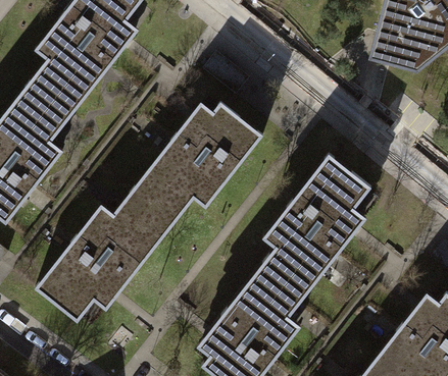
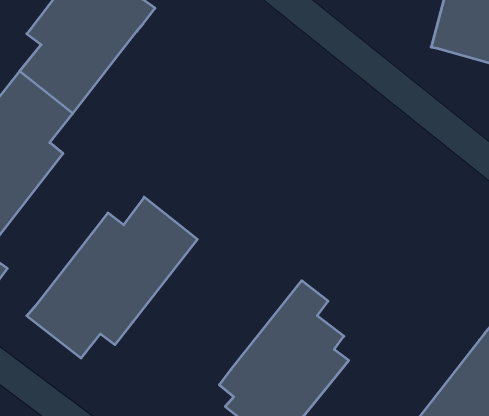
building: [131,98,267,224] -> none
building: [259,152,374,306] -> none

